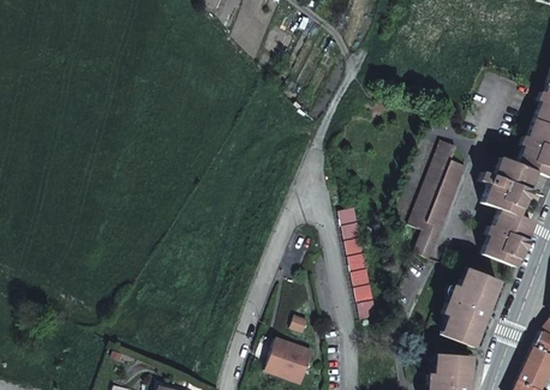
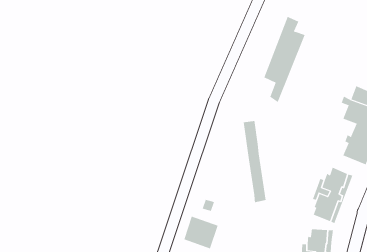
building: [408,140,466,259] -> [263,16,305,103]

